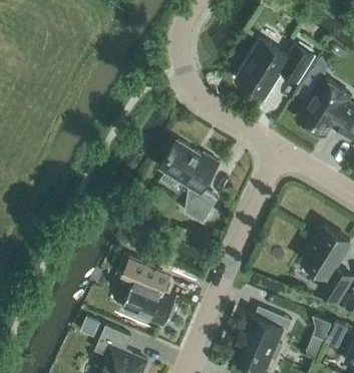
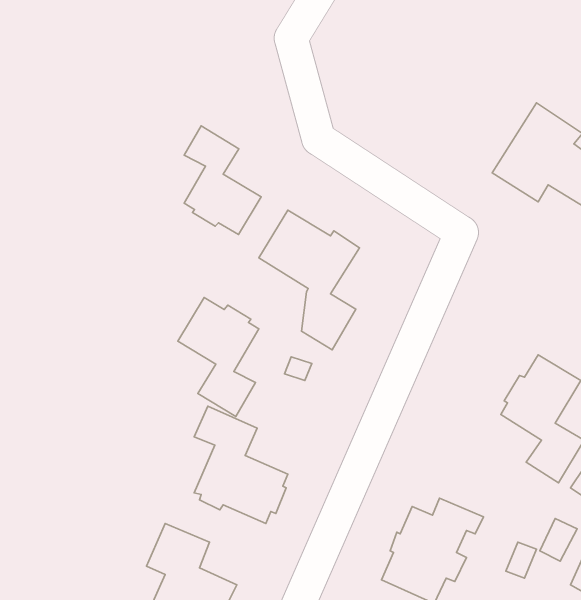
building: [237,40,314,99] -> none
building: none -> [184,126,261,234]
building: none -> [178,298,259,417]

